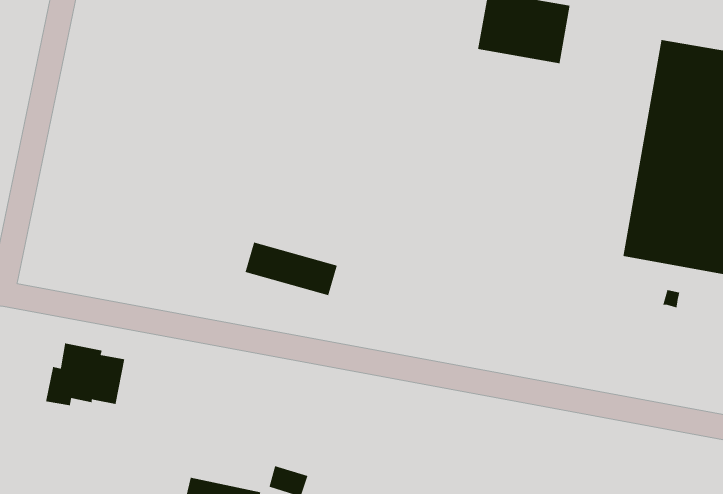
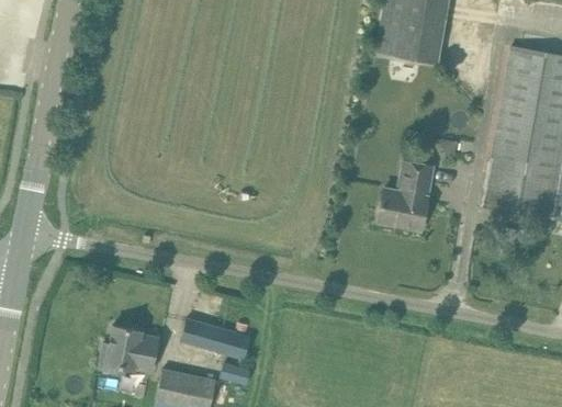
building: none -> [379,160,434,229]
building: [244,242,338,296] -> [182,318,251,359]
building: [45,343,125,406] -> [100,325,159,372]

